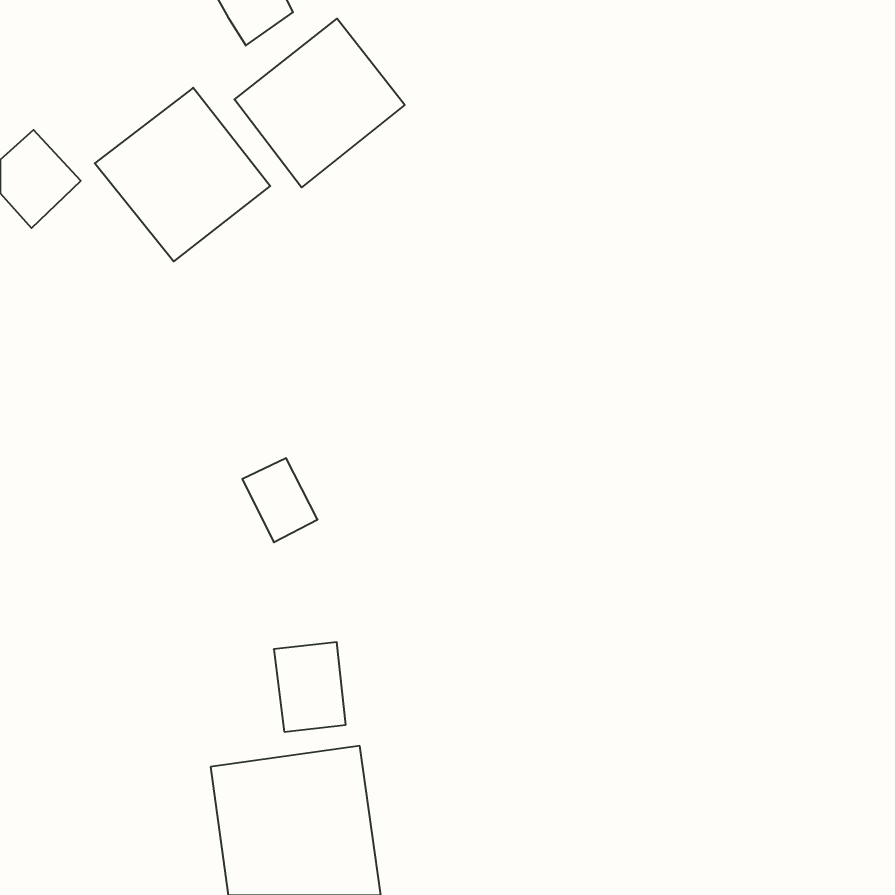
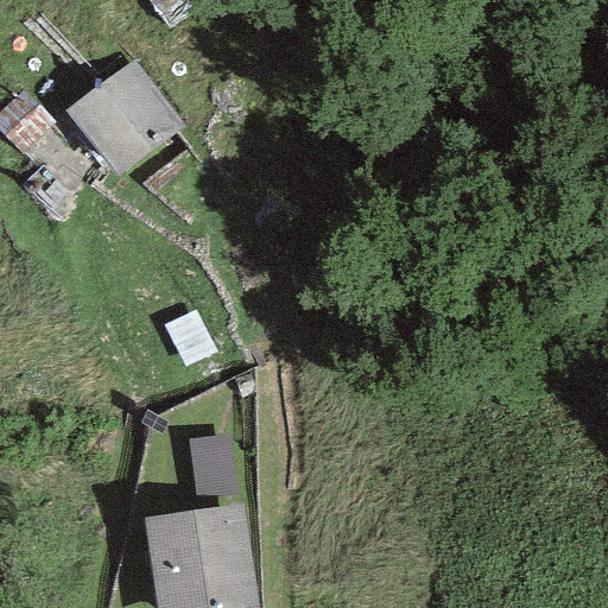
building: [234,19,405,187] -> none

